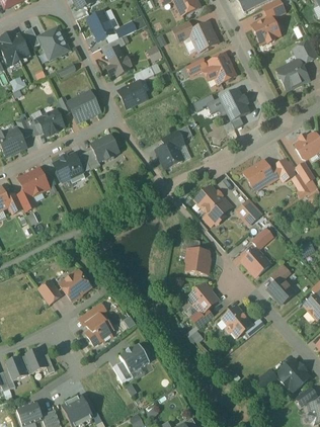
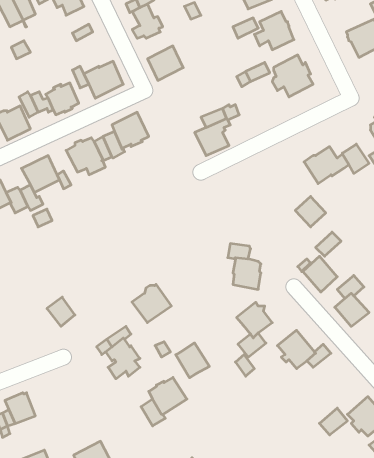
building: [196,186,230,217] -> none
building: [60,269,91,300] -> [132,284,171,323]
building: none -> [176,343,209,378]
building: [22,347,47,373] -> none

